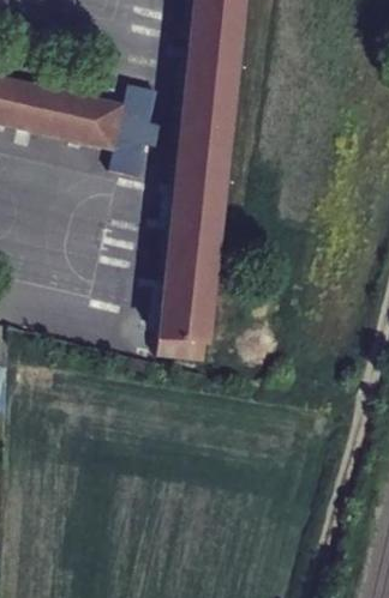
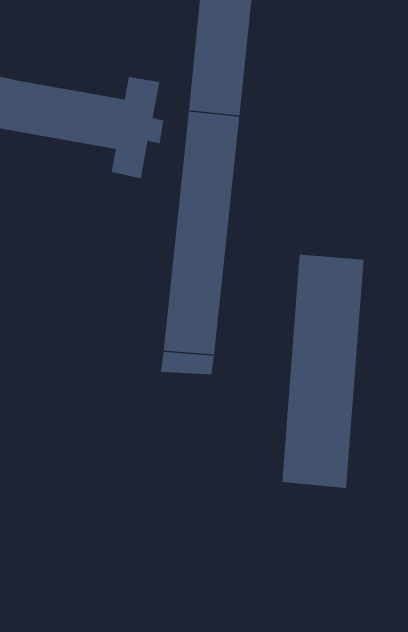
building: none -> [281,254,364,489]

